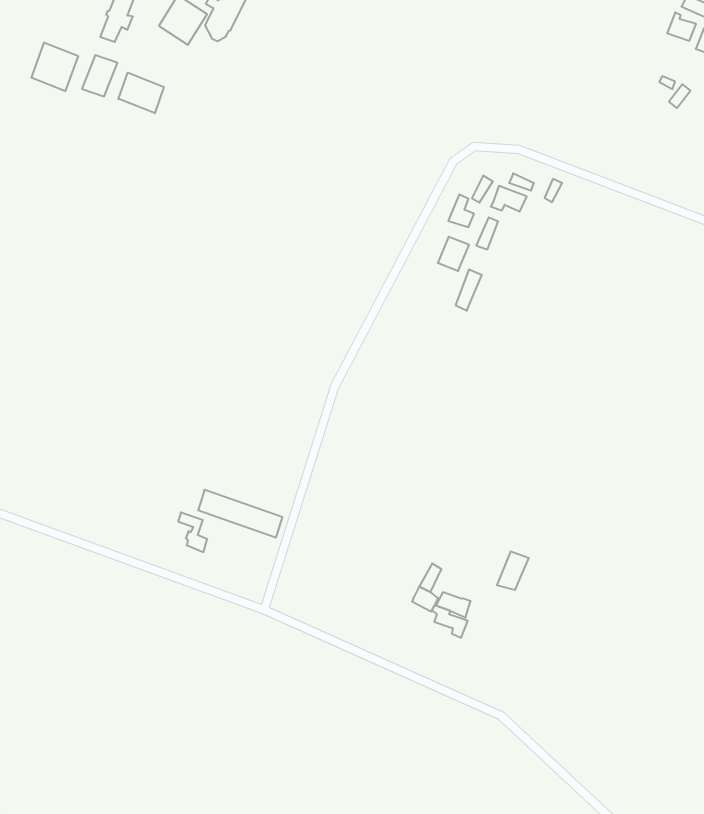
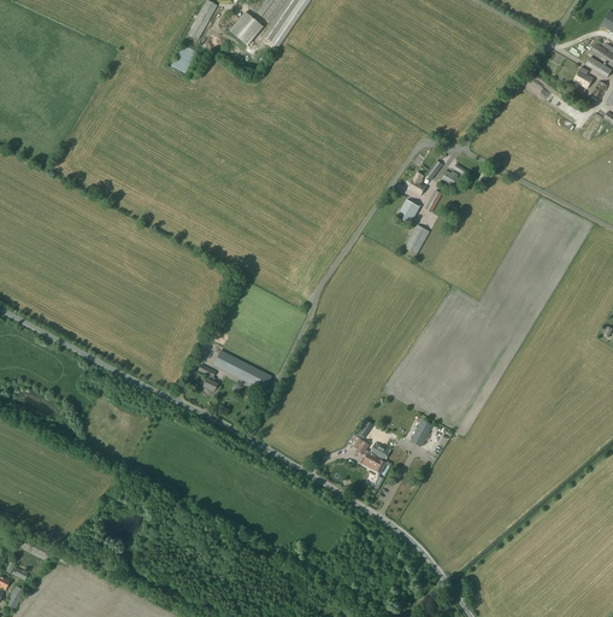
building: [31,42,78,91] -> none
building: [118,73,164,113] -> none

